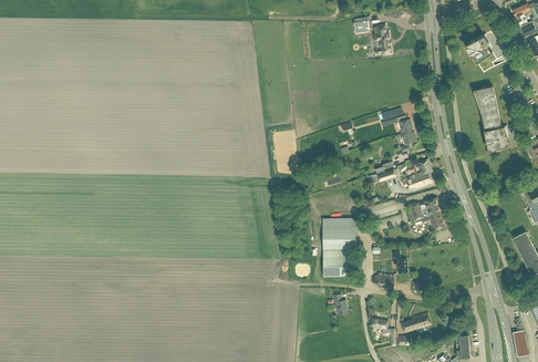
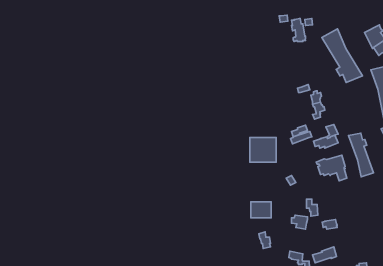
building: none -> [322,29,362,83]
building: none -> [348,133,373,177]
building: [323,218,356,249] -> [250,137,276,162]

